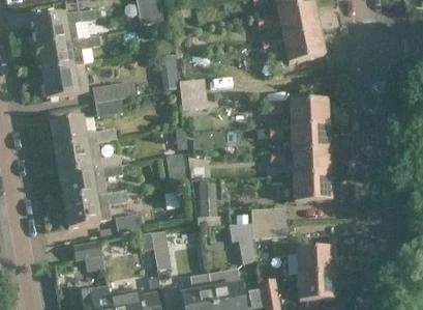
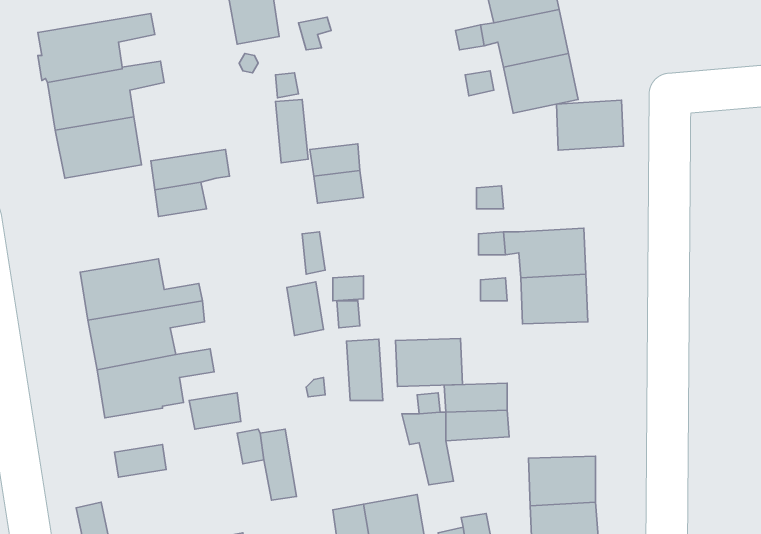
building: [291,98,327,125] -> [556,100,623,150]
building: [51,116,116,147] -> none
building: [294,174,330,200] -> [395,339,463,387]

